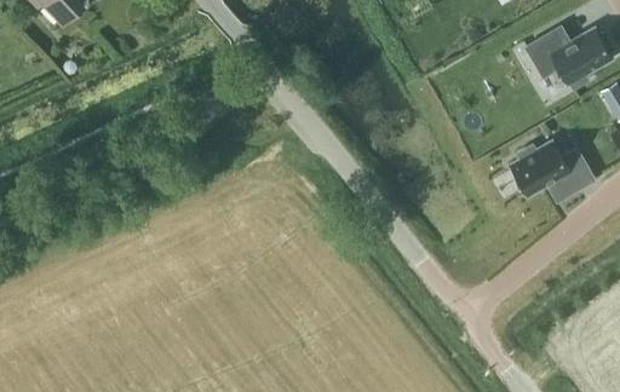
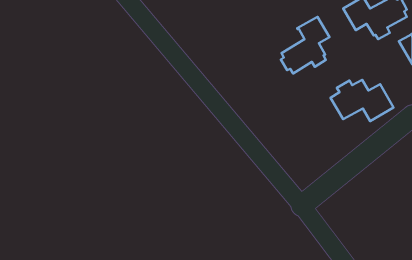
building: none -> [281,17,329,73]

